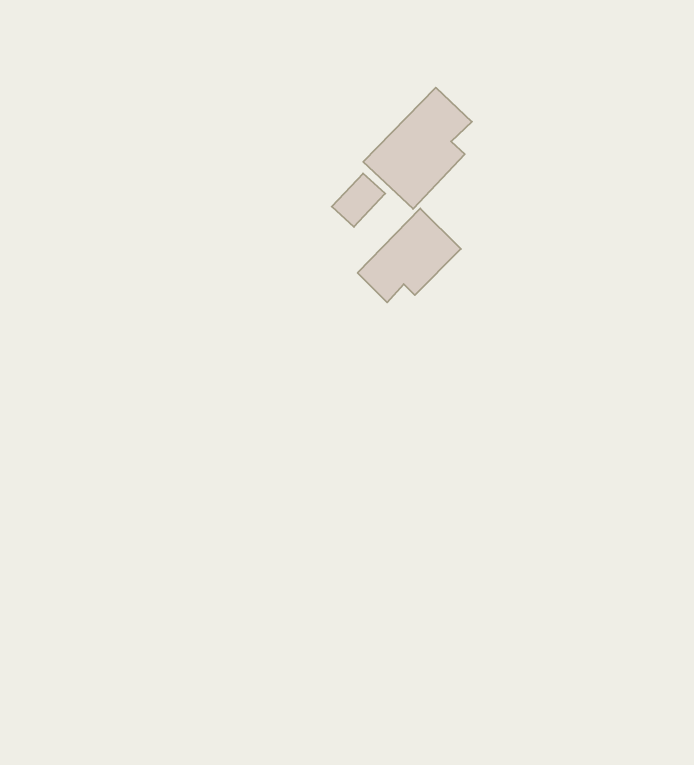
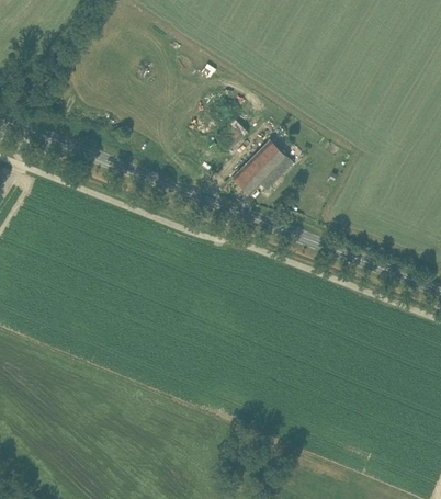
building: [363,88,472,209] -> none

